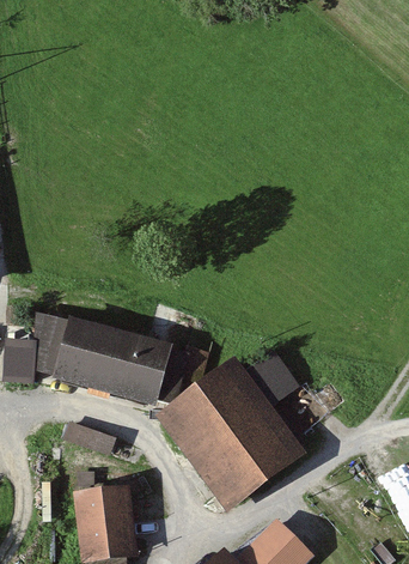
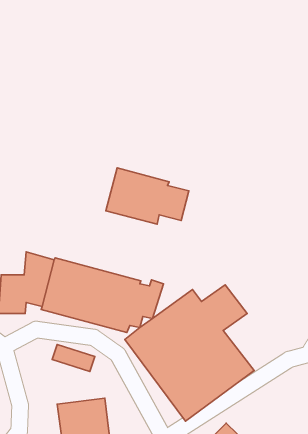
building: none -> [106,168,189,224]

